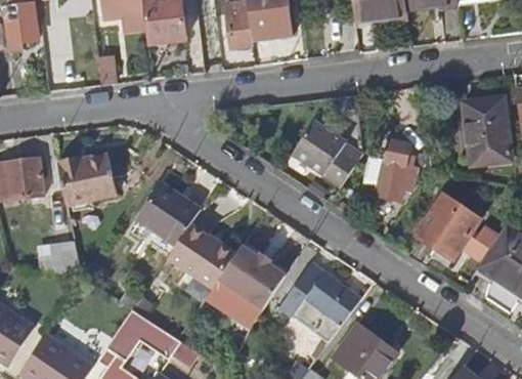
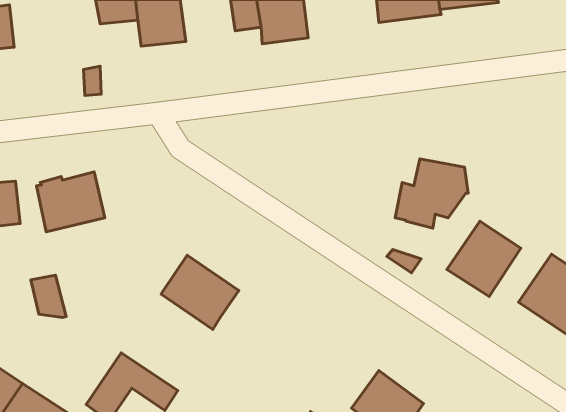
building: [465,97,513,164] -> none
building: [293,121,363,186] -> none
building: [133,183,200,256] -> none
building: [207,242,284,322] -> none
building: [279,263,360,343] -> none

